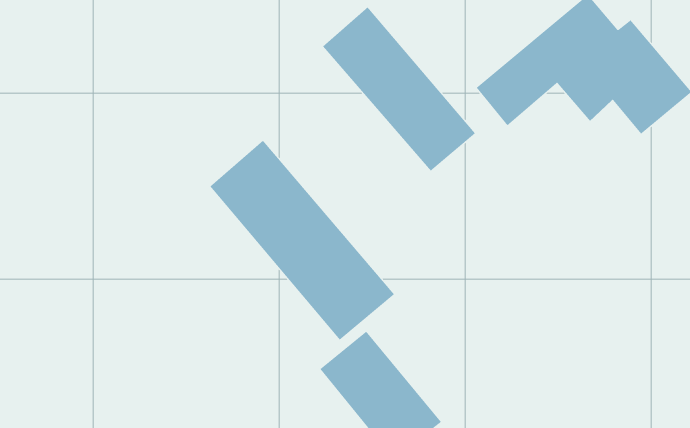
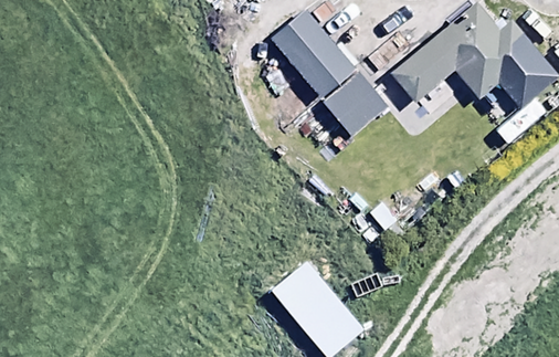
building: [209,140,395,340] -> none

